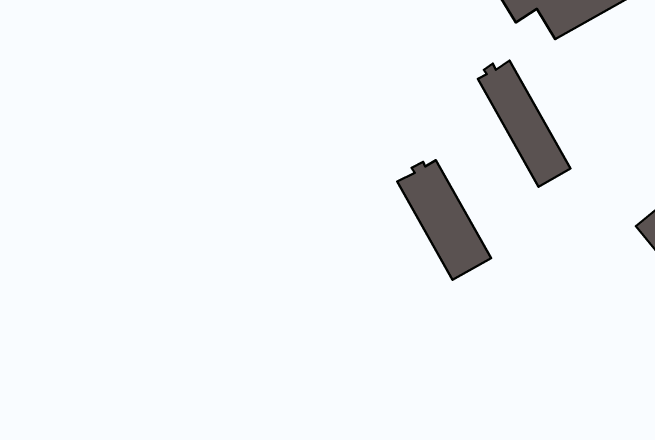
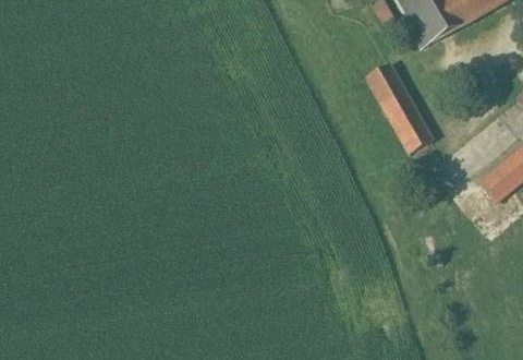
building: [397,160,491,280] -> none

